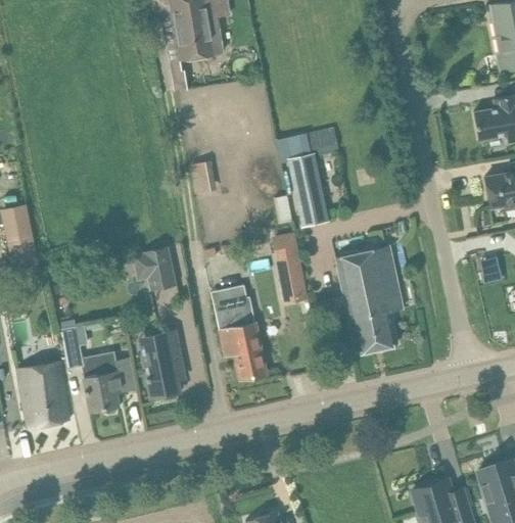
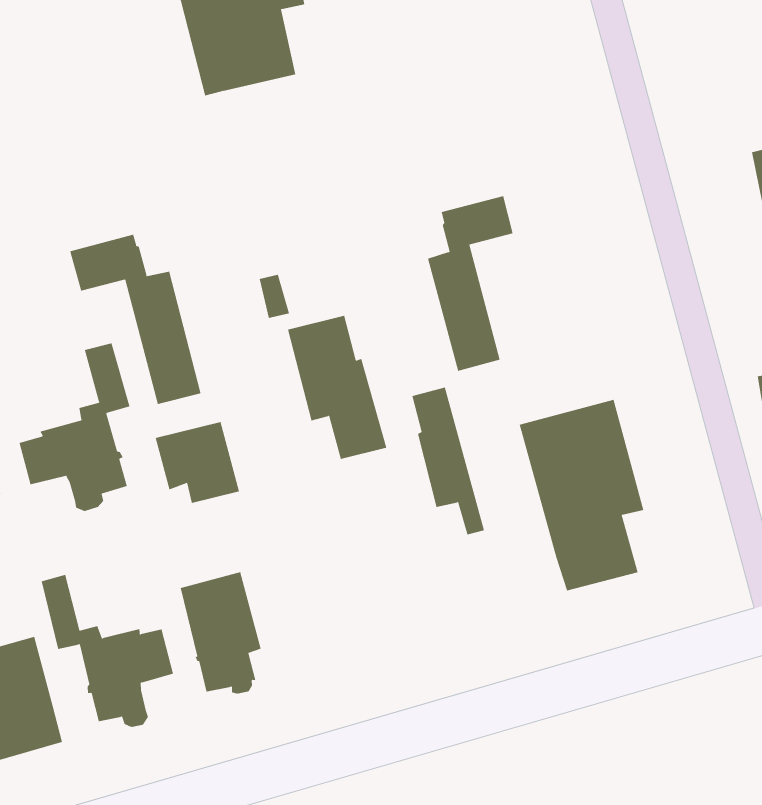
building: none -> [70,234,201,405]
building: none -> [19,342,130,512]
building: [215,297,267,378] -> [287,315,387,460]

